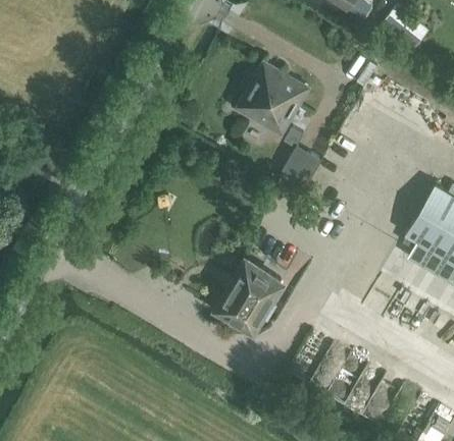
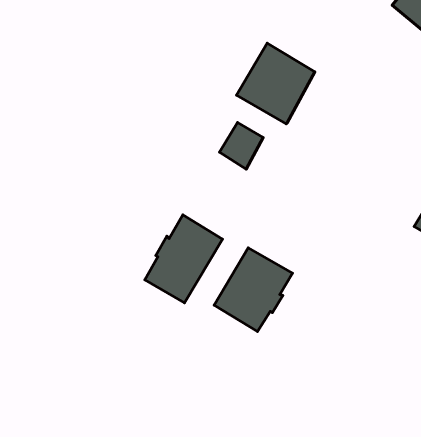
building: [281,142,322,186] -> [220,123,263,169]
building: none -> [145,215,222,303]

